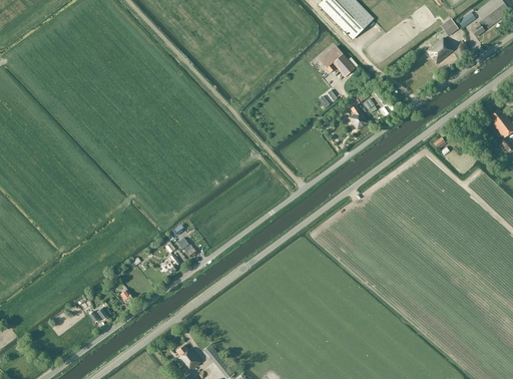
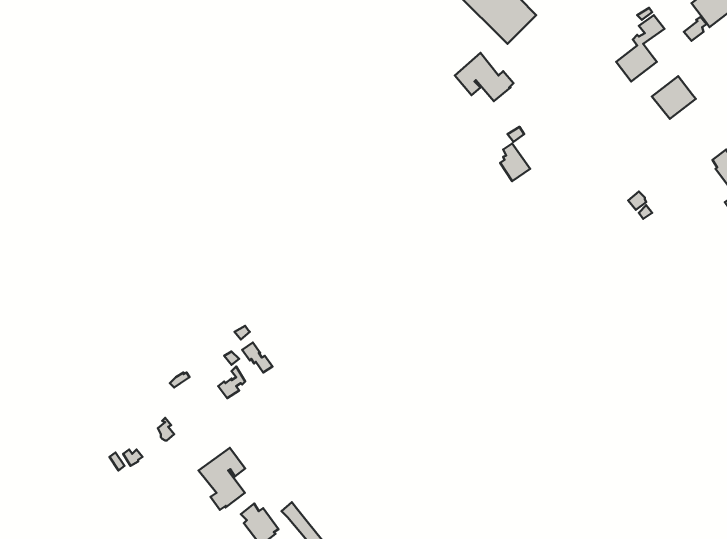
building: none -> [652,76,696,119]
building: none -> [199,448,245,510]

